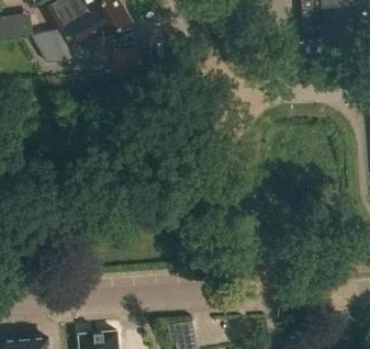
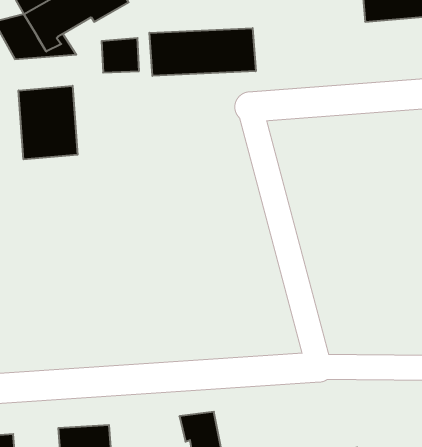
building: none -> [149,28,256,76]
building: none -> [19,86,78,159]

